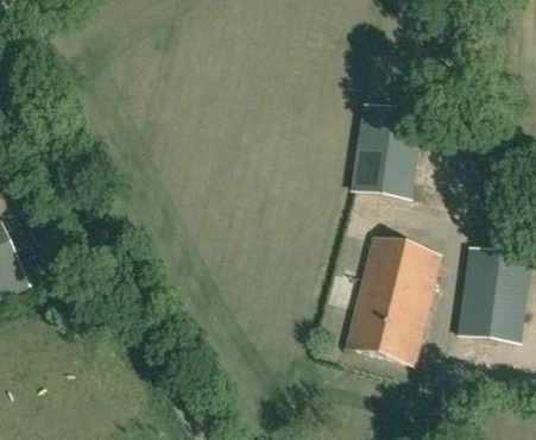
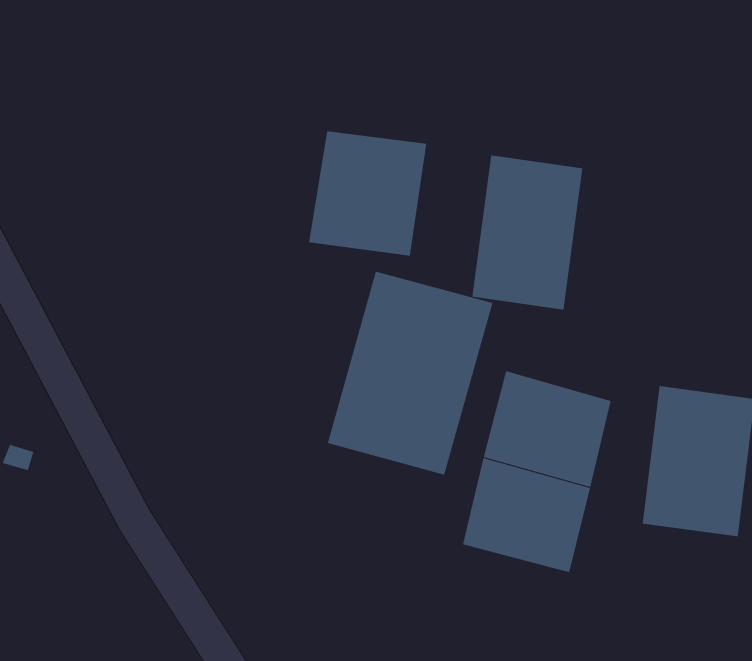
building: none -> [308,131,427,256]
building: none -> [327,271,493,475]

